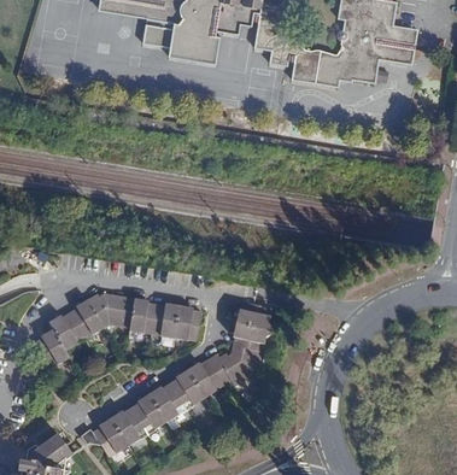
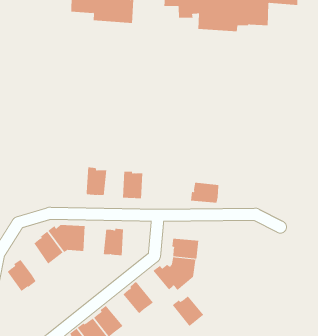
building: [129,298,157,334] -> [86,167,107,196]
building: [235,301,271,329] -> [190,182,219,203]
building: [174,306,201,341] -> [122,171,143,199]
building: [49,312,84,350] -> none
building: [187,359,224,397] -> [172,295,204,327]
building: [148,383,186,421] -> none

